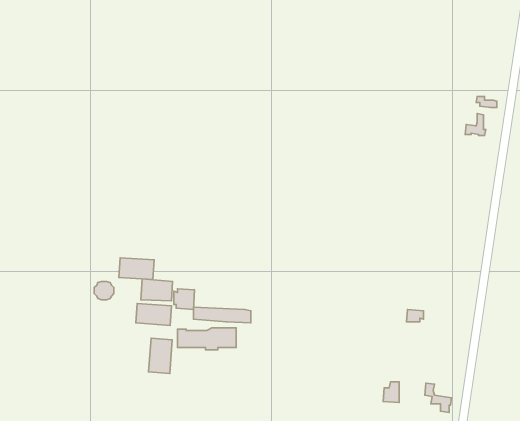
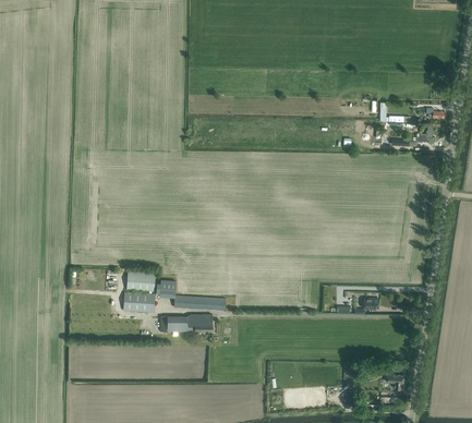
building: [119,258,154,280] -> none
building: [149,338,172,373] -> none

